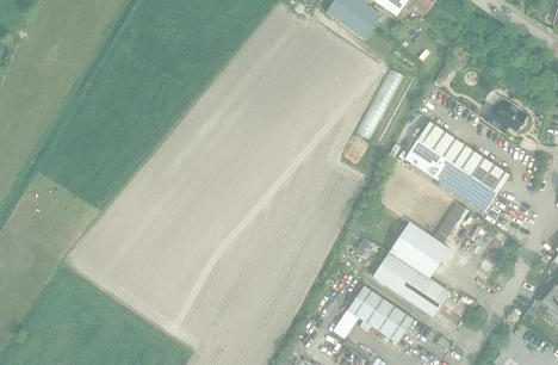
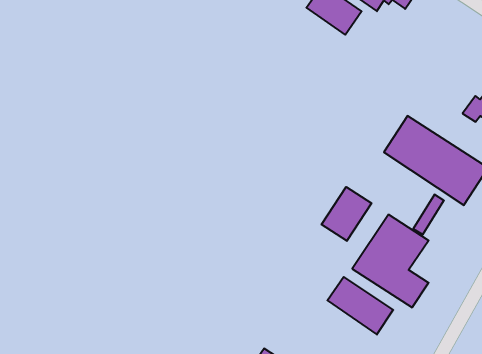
building: none -> [322,187,371,241]

